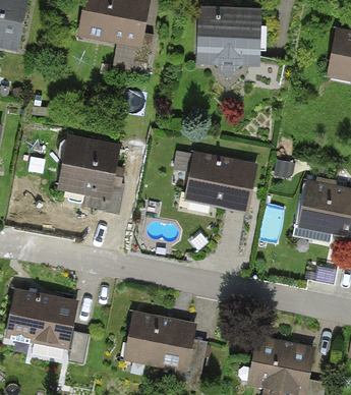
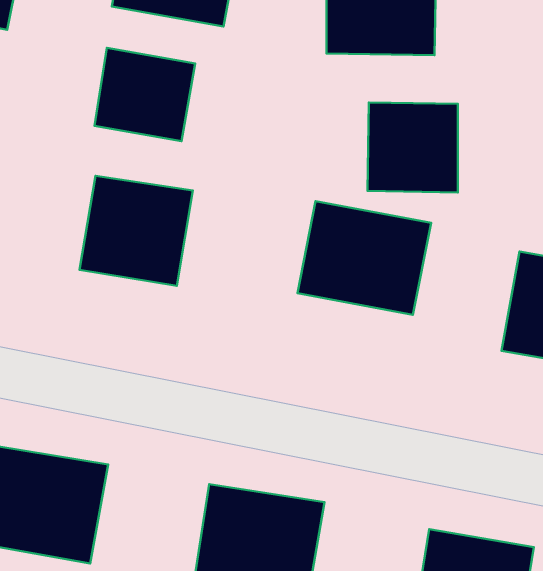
building: none -> [94,48,195,141]
building: none -> [367,103,458,192]

